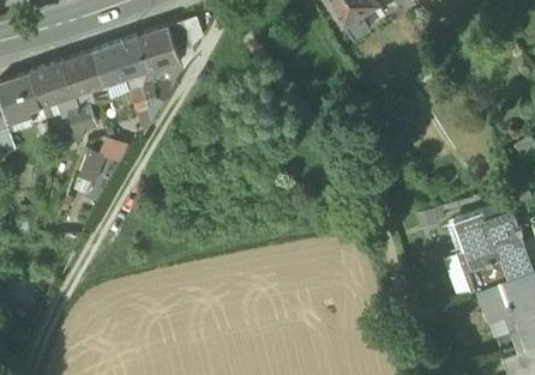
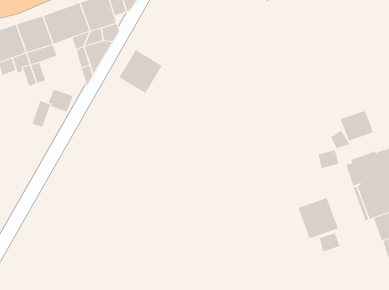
building: none -> [119,49,163,94]
building: none -> [340,110,373,141]
building: none -> [298,197,338,239]

